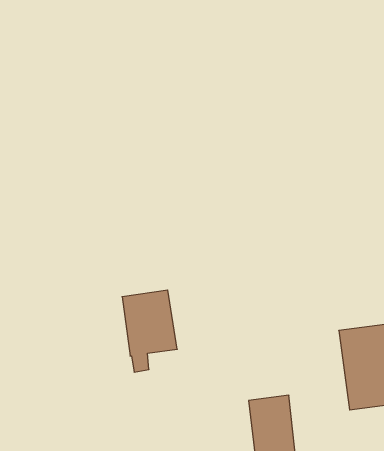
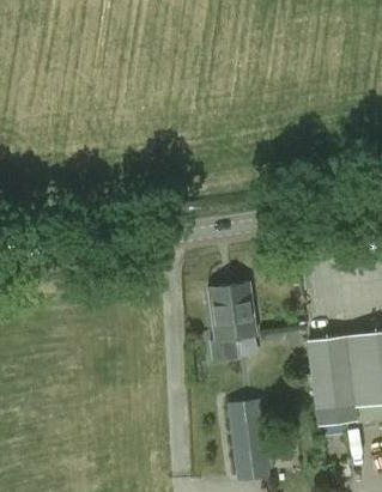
building: [122,290,177,372] -> [208,284,257,357]

